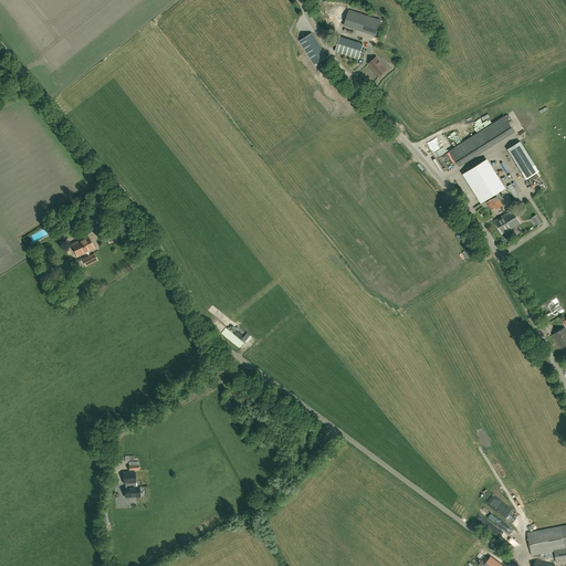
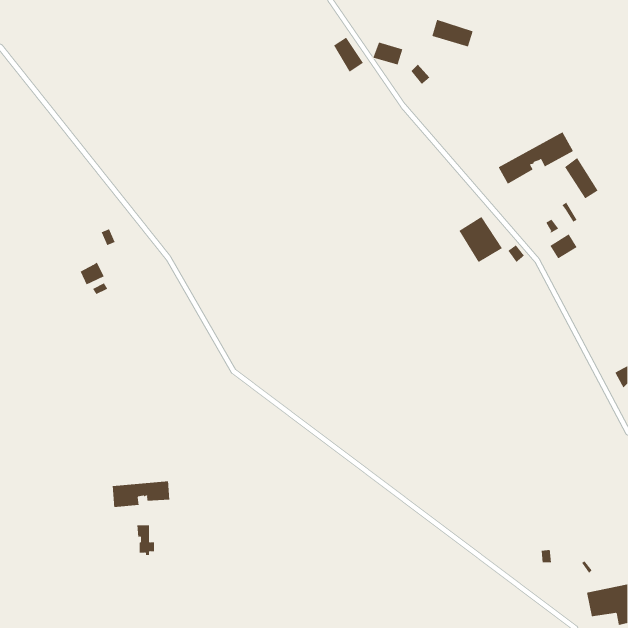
building: [344,10,381,35] -> [432,19,473,47]
building: [463,160,503,202] -> [459,216,503,263]
building: none -> [112,481,170,508]

